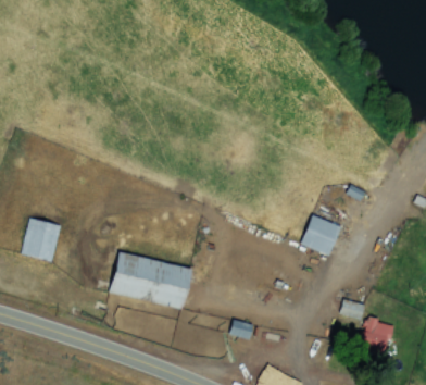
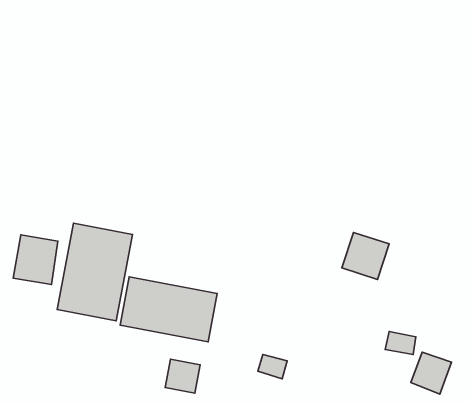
building: none -> [57,223,133,321]
building: none -> [165,359,200,393]

